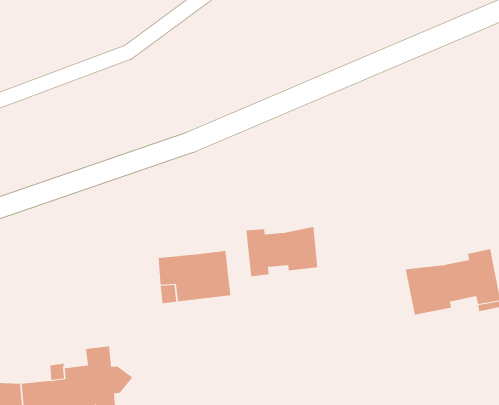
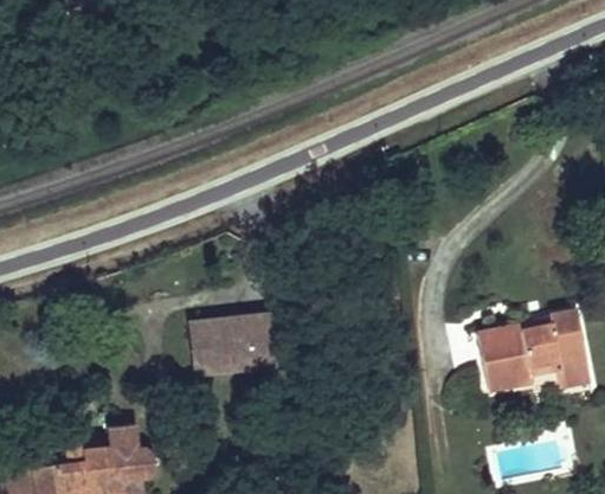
building: [246,226,318,277] -> none

